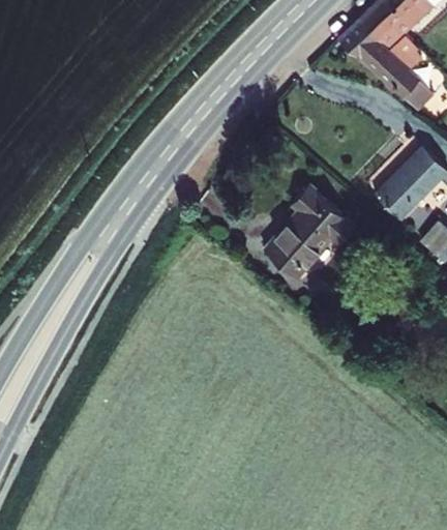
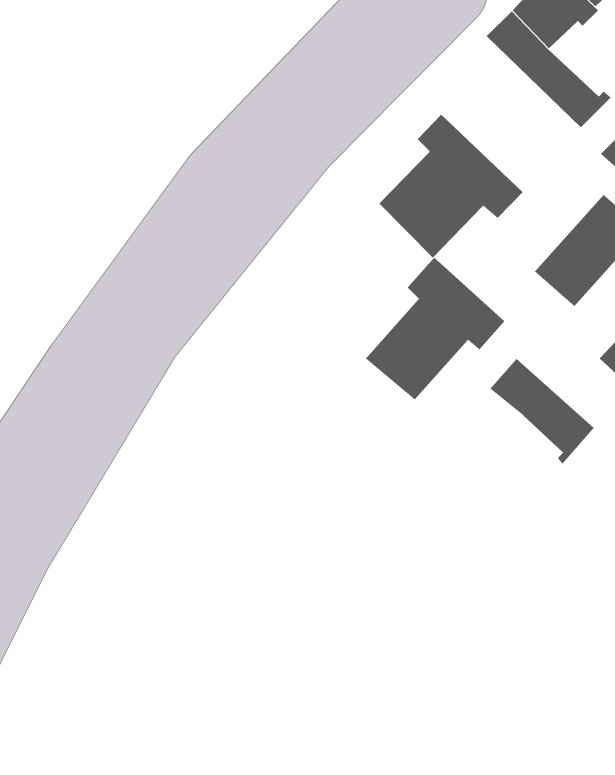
building: none -> [379,114,523,258]
building: none -> [489,358,595,465]

